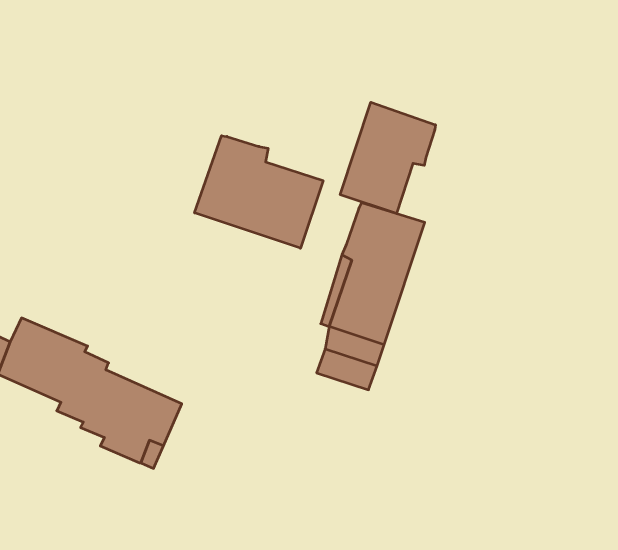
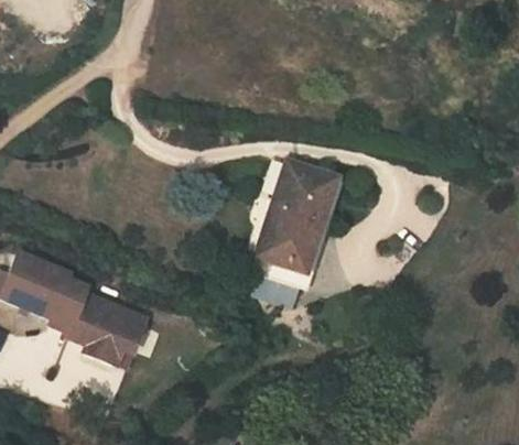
building: [340,102,435,214] -> none
building: [195,136,323,248] -> none

